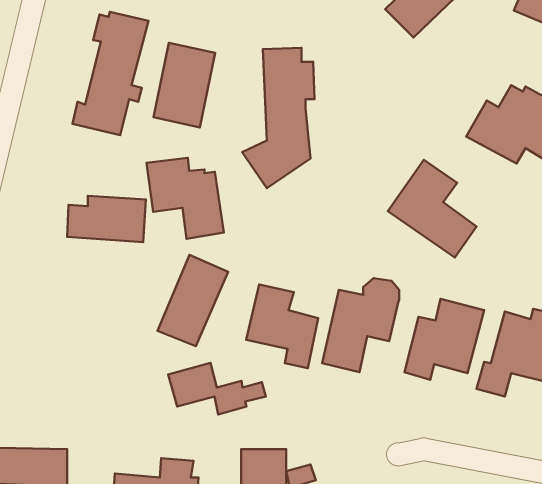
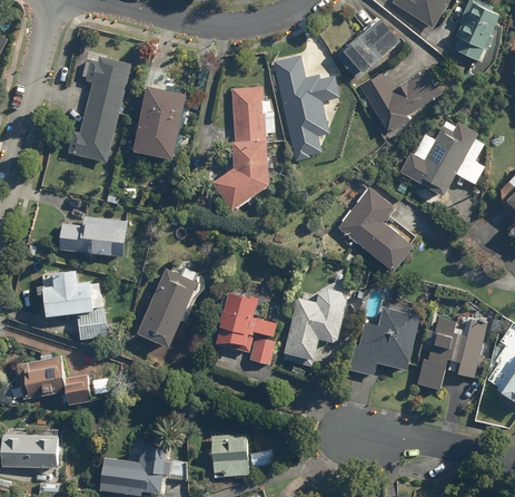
building: none -> [270,55,338,158]
building: none -> [358,69,442,129]
building: [147,158,224,239] -> [43,269,110,339]
building: [168,363,266,414] -> [26,361,110,406]

